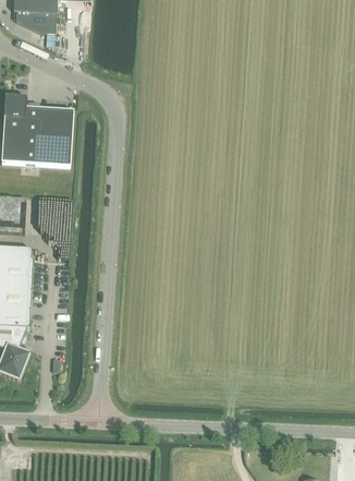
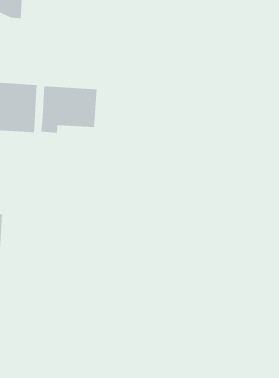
building: none -> [41,85,97,134]

